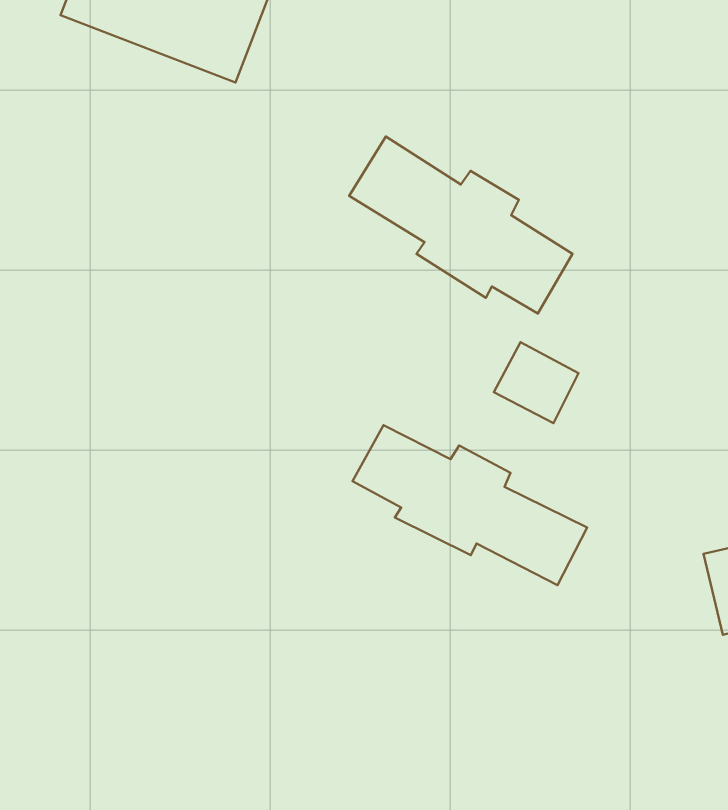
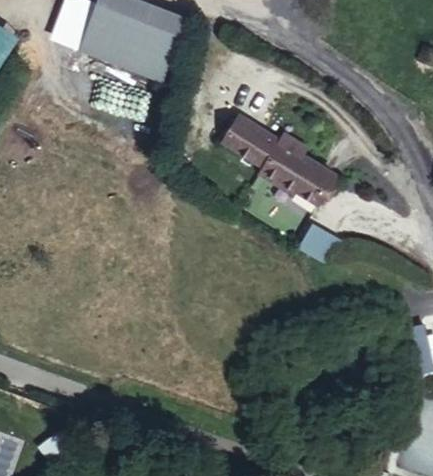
building: [353,425,587,585] -> none

